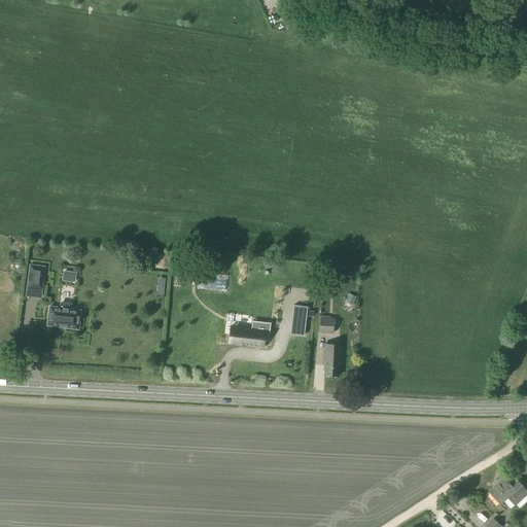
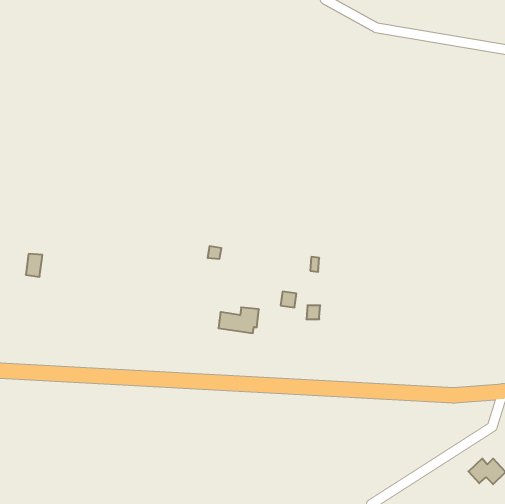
building: [46,306,80,328] -> none
building: [323,343,341,376] -> none

